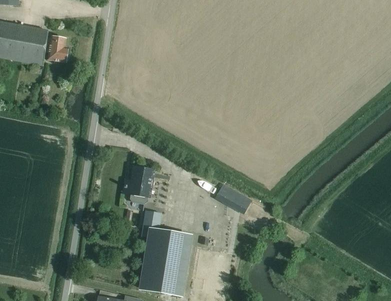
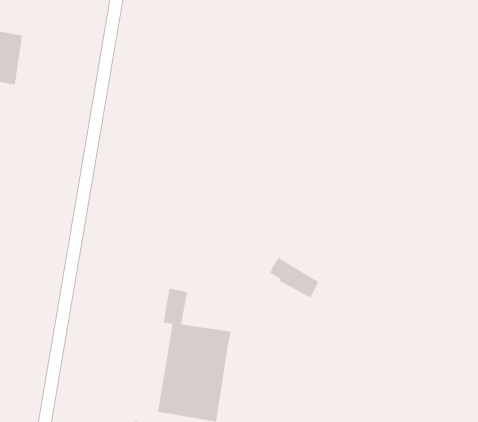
building: [48,36,69,62] -> none
building: [125,168,154,204] -> none

